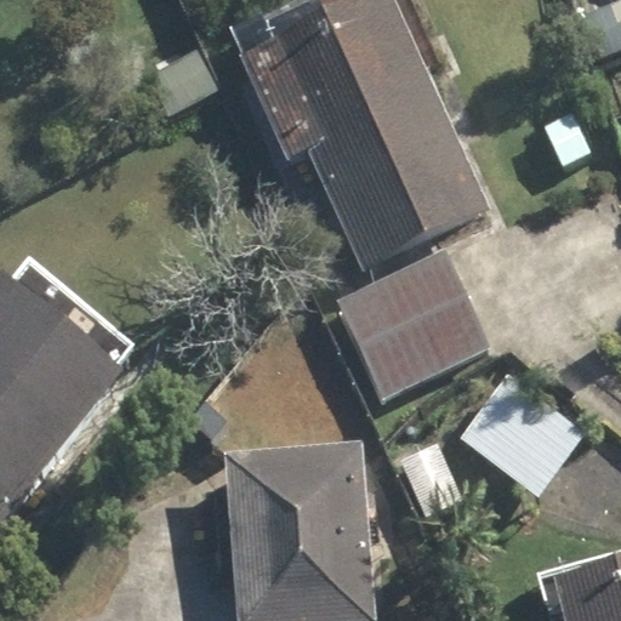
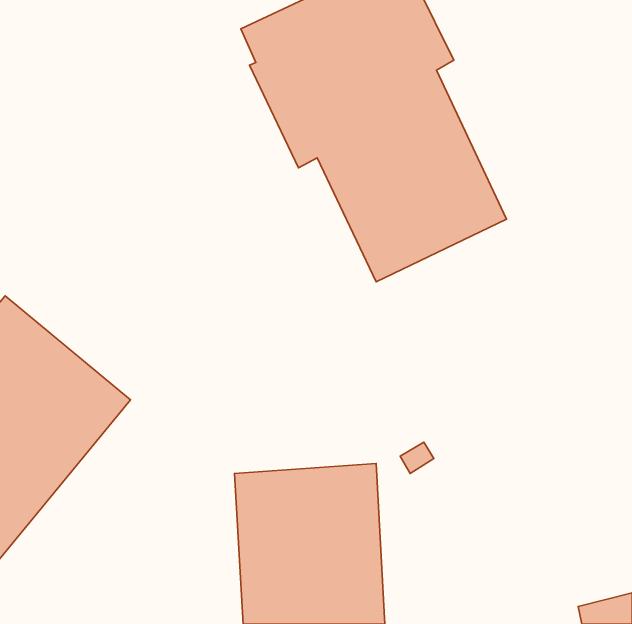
building: [336,249,485,392] -> none
building: [456,370,585,495] -> none

